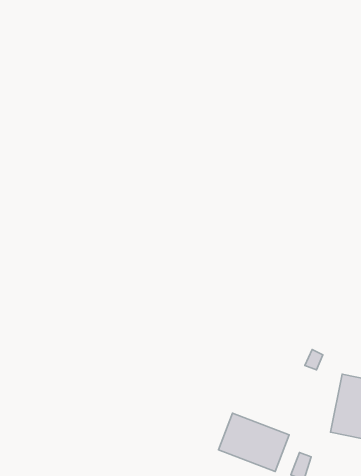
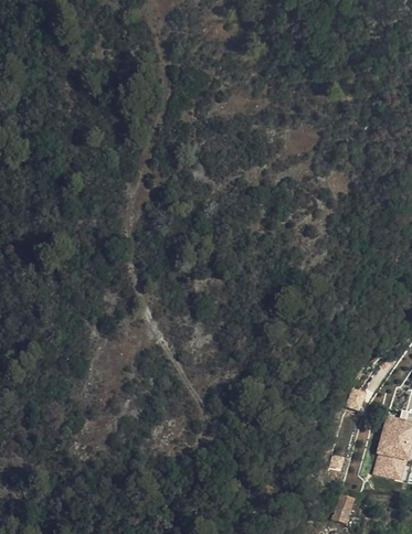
building: [219,413,289,471] -> none

